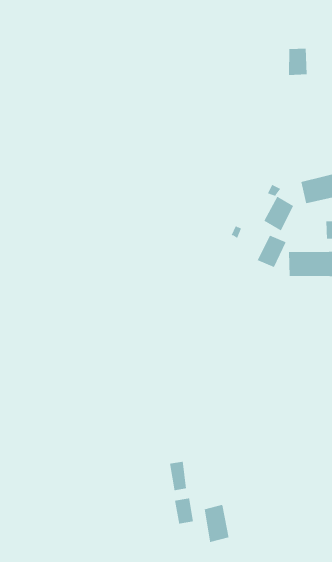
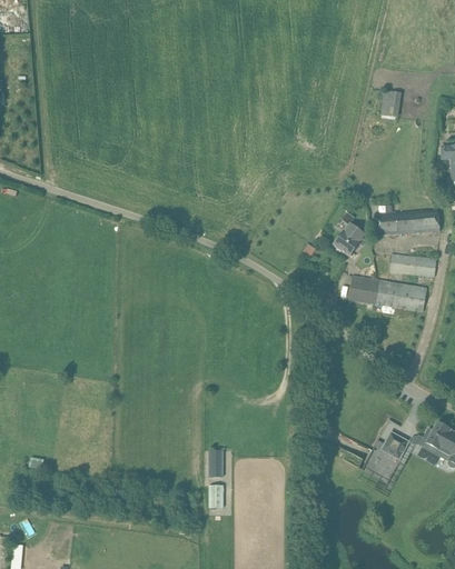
building: [257,235,287,268] -> none
building: [204,504,229,543] -> none

